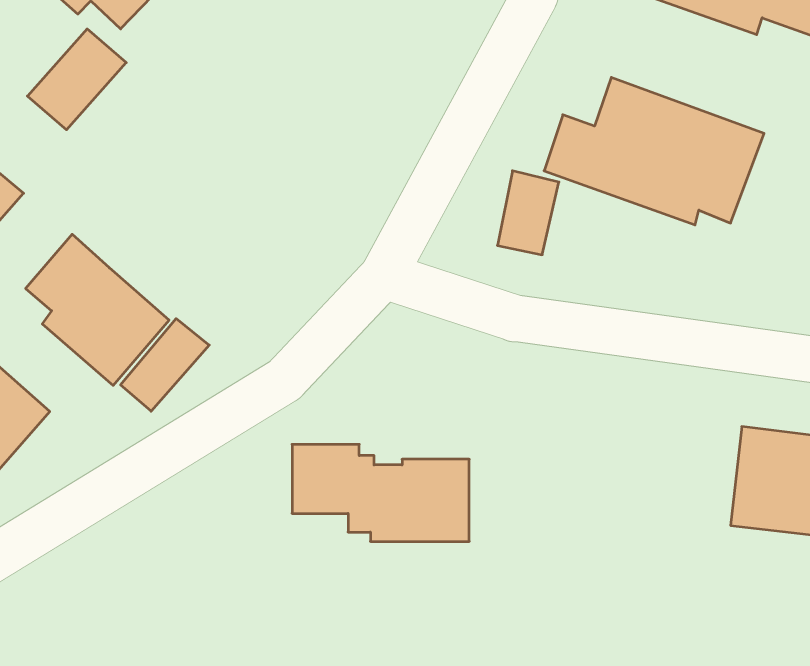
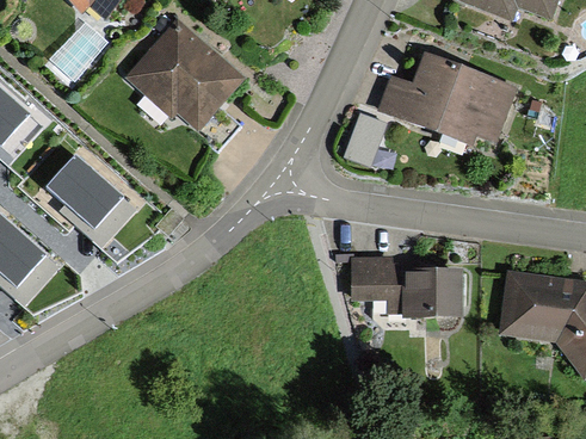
building: none -> [122,23,241,146]
building: [121,319,209,411] -> none
building: [292,444,469,541] -> [350,255,463,317]

